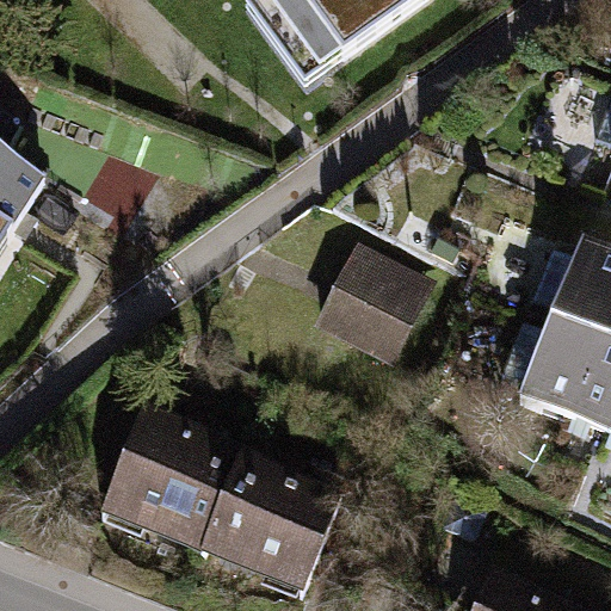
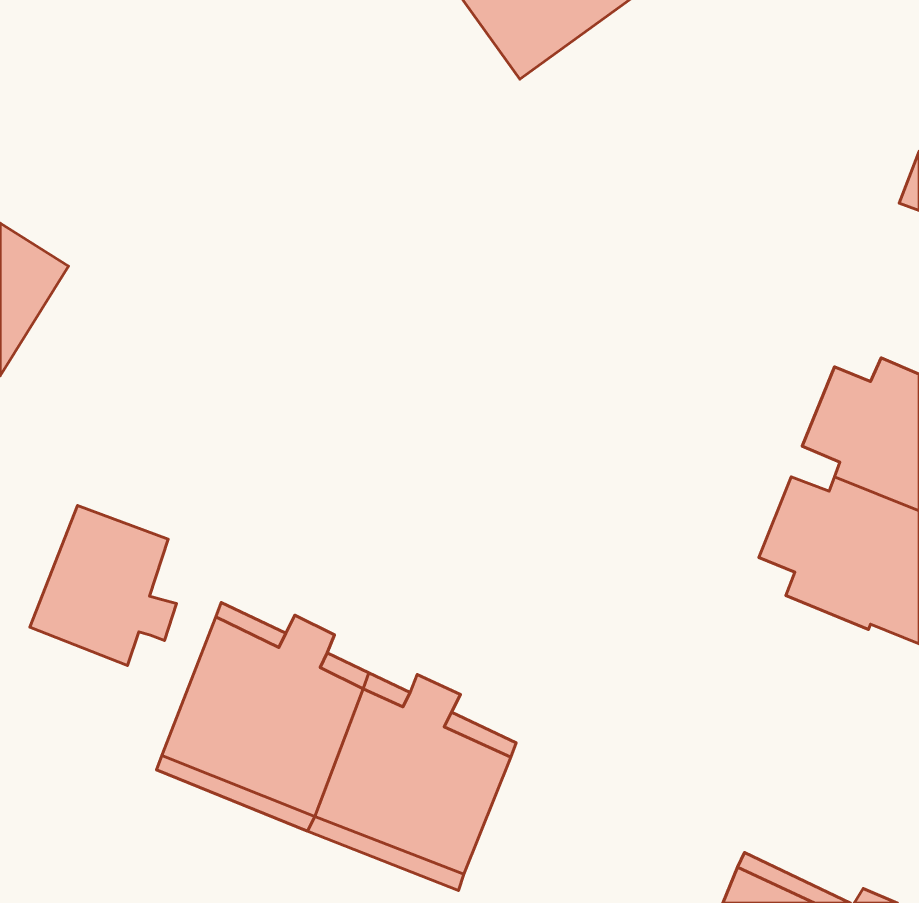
building: [322,252,427,353] -> none
building: none -> [30,505,176,666]

